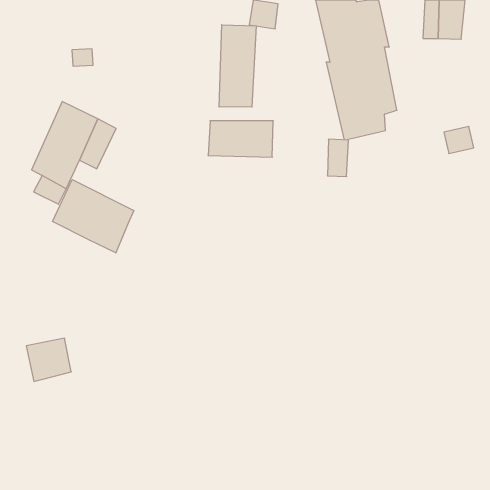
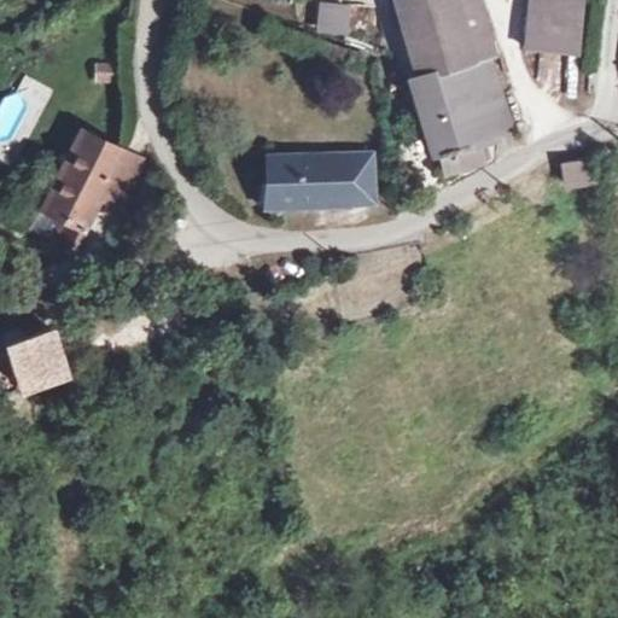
building: [219,25,256,107] -> none
building: [327,139,348,177] -> [343,152,369,199]
building: [53,180,134,253] -> none
building: [26,338,71,381] -> [19,330,76,384]

